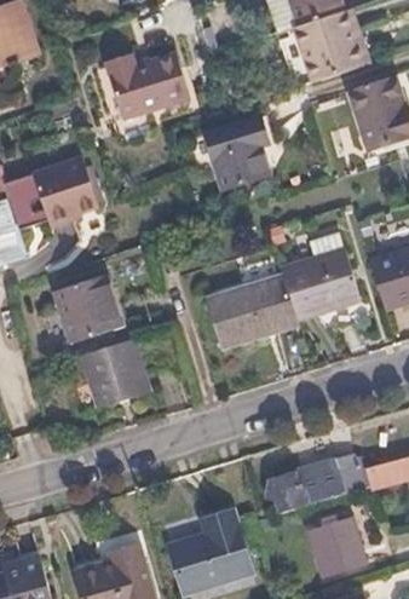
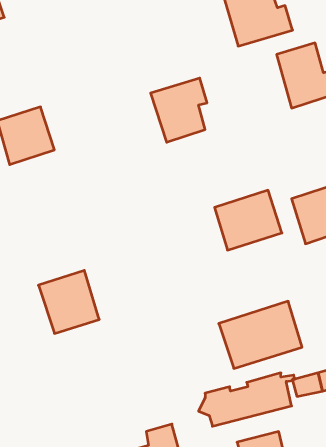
building: [100,48,186,119] -> none
building: [202,267,296,344] -> [219,301,302,368]
building: [57,273,114,341] -> none

